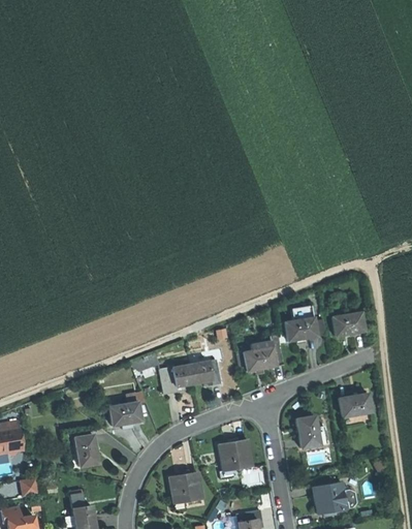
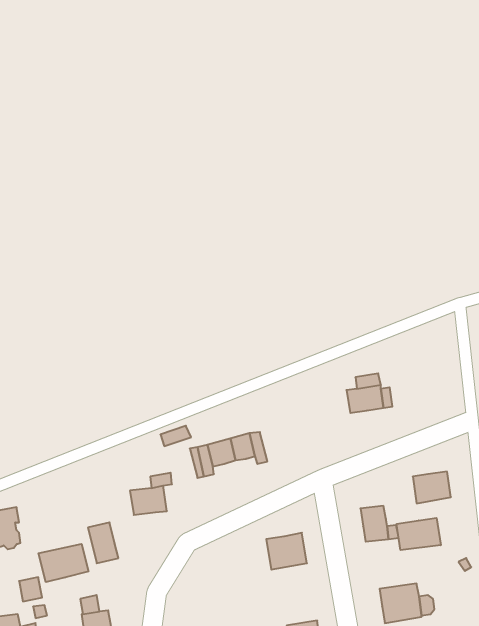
building: [332,313,365,337] -> none
building: [243,334,284,373] -> none
building: none -> [397,518,441,550]
building: none -> [38,544,88,582]
building: [170,473,203,503] -> none

